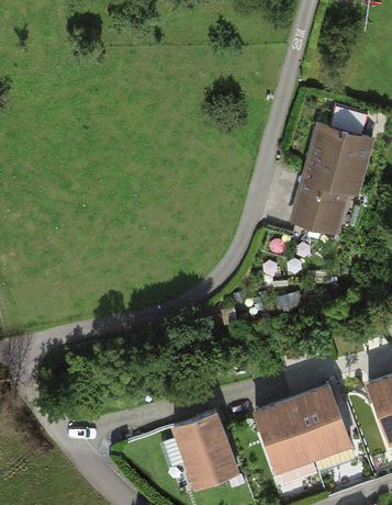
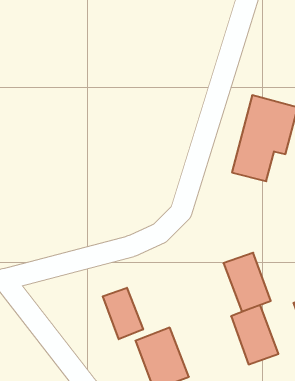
building: none -> [103,288,143,339]
building: [254,401,313,474] -> [223,253,271,311]

